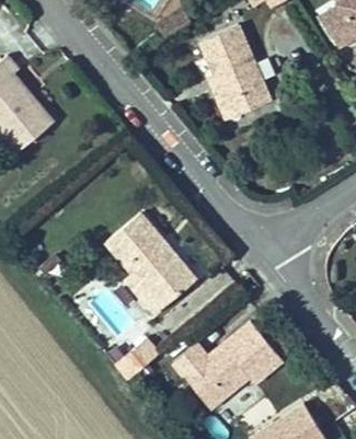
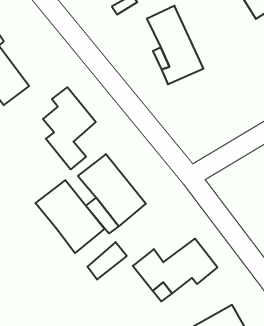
building: none -> [43,87,96,169]
building: none -> [35,180,104,253]

